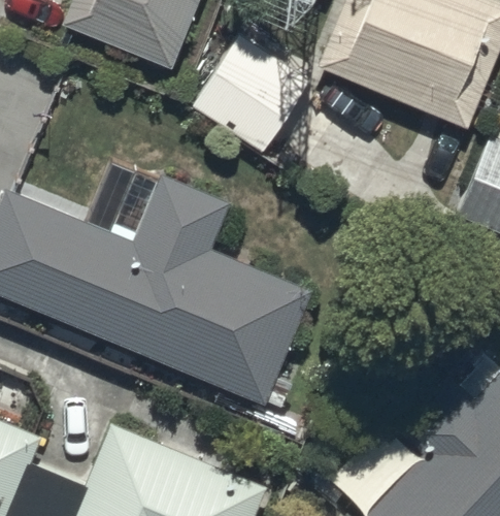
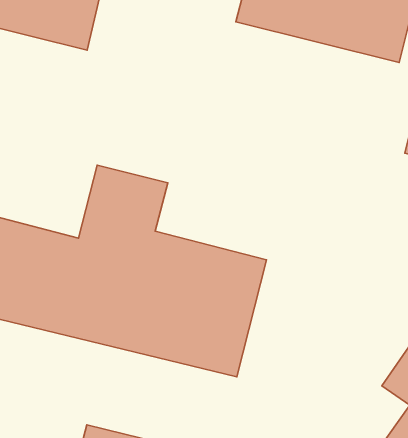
building: [192,34,308,153] -> none

